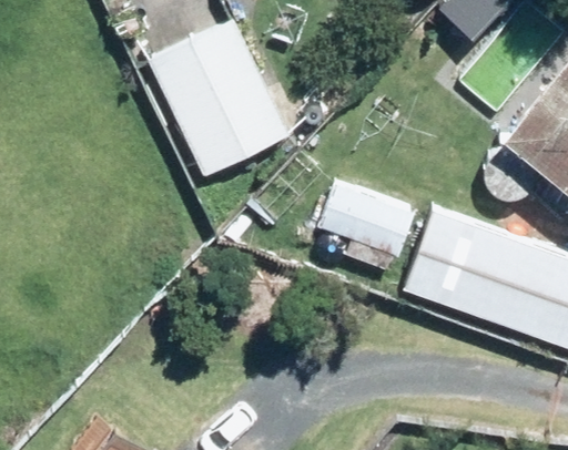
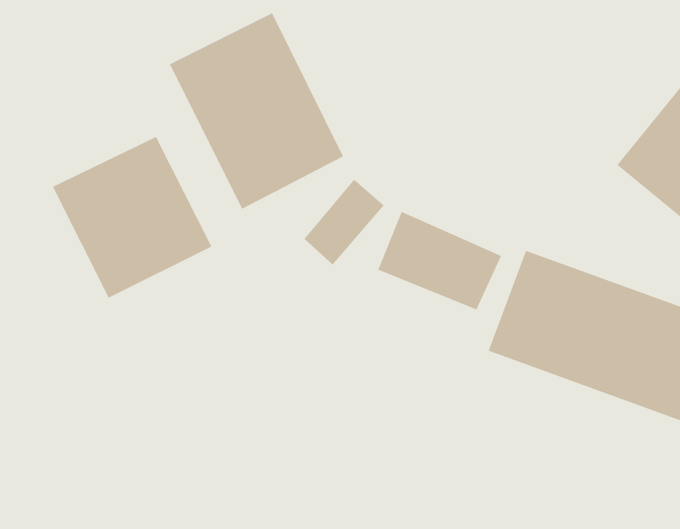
building: none -> [52,136,212,299]

